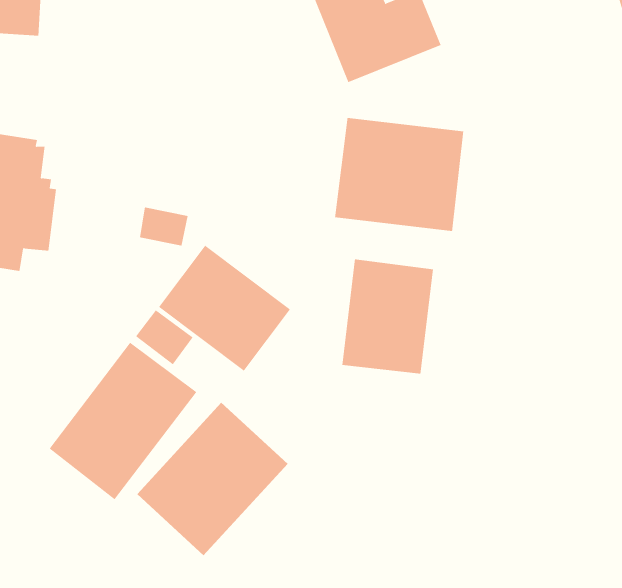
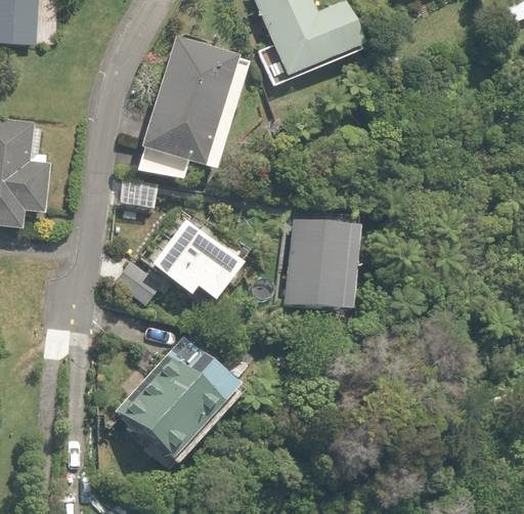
building: none -> [134,40,246,185]
building: [335,117,464,232] -> none
building: [49,342,197,500] -> none

